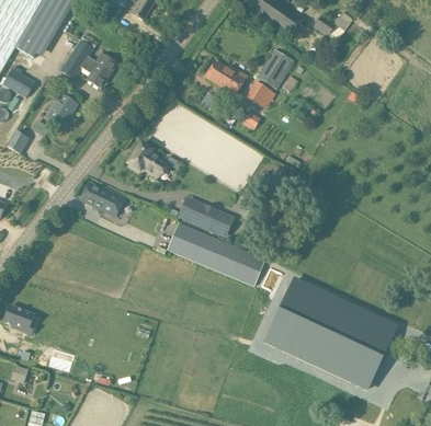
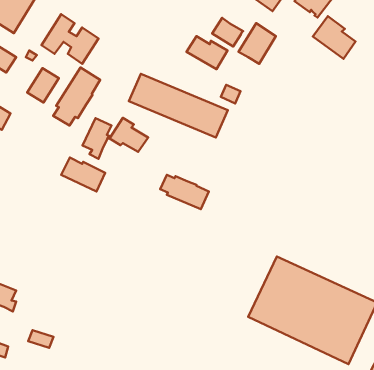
building: none -> [313,16,355,59]
building: [246,81,276,110] -> [212,18,243,47]
building: none -> [53,68,100,126]
building: none -> [82,118,111,159]
building: [167,222,265,286] -> [129,74,228,138]

